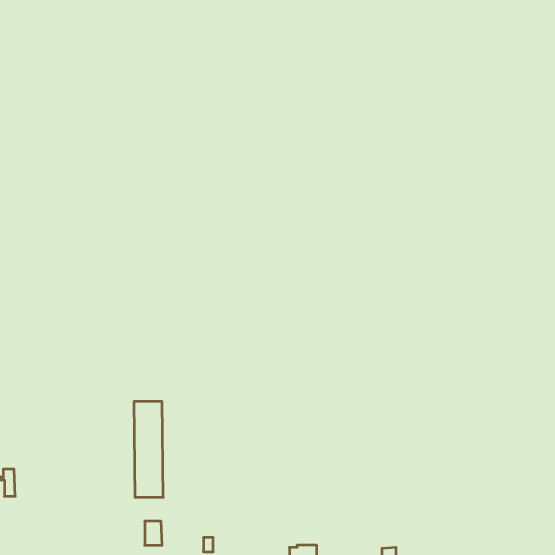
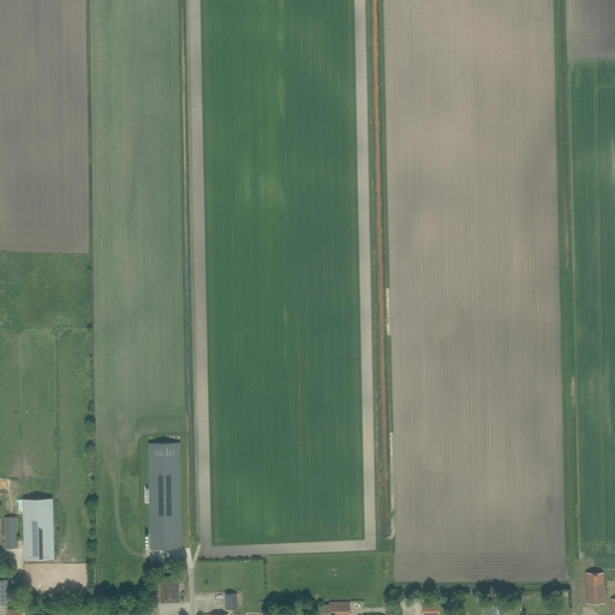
building: none -> [22,500,54,561]
building: none -> [584,574,603,605]

